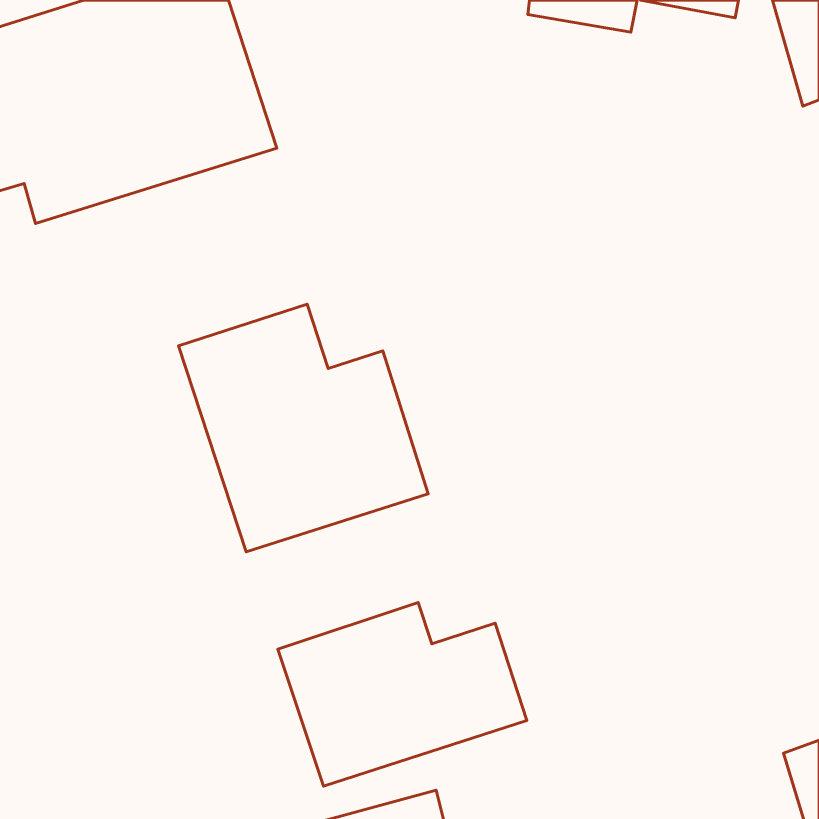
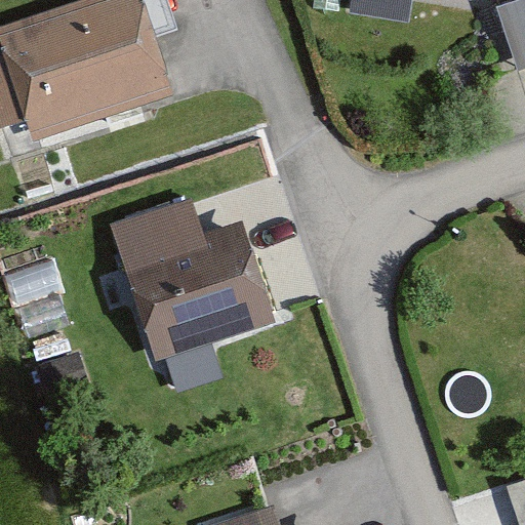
building: [278,602,527,786] -> none

